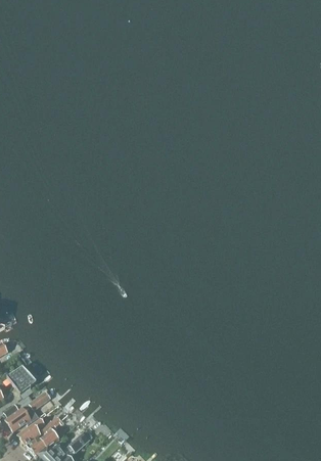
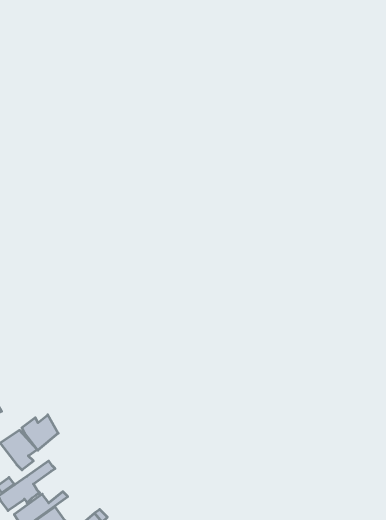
building: none -> [22,415,58,450]

